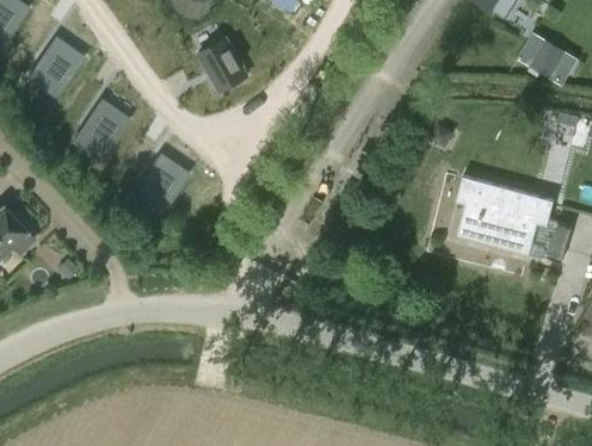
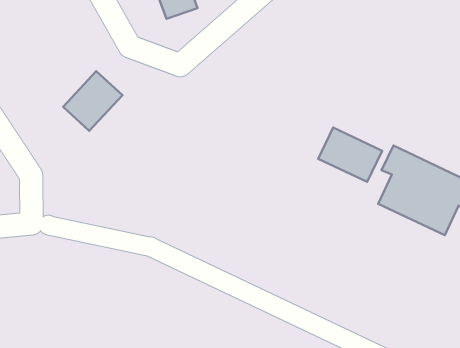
building: [72,99,129,160] -> none
building: none -> [318,128,382,182]

